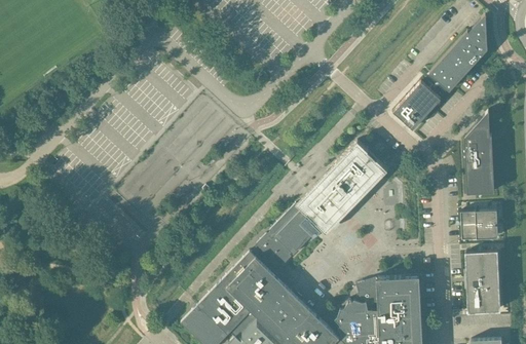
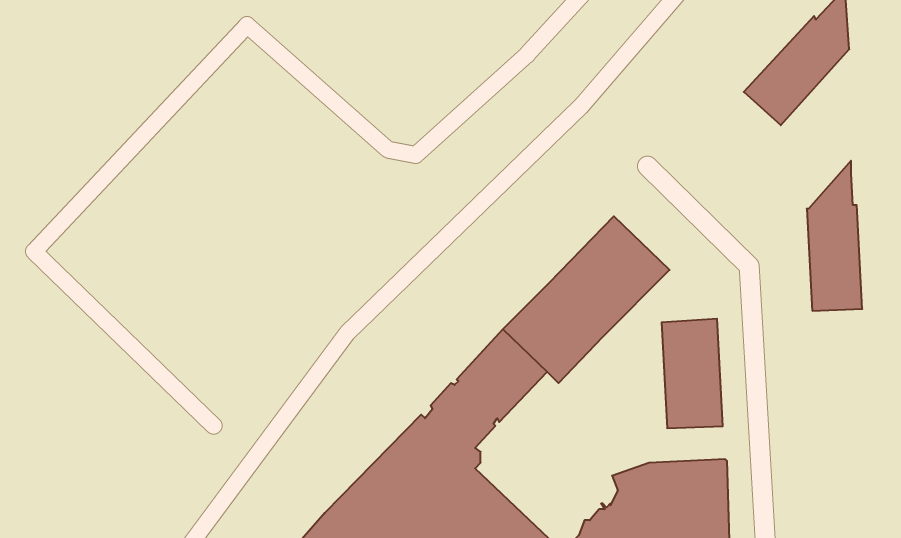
building: [394,81,441,129] -> none
building: [461,209,496,238] -> none
building: [466,251,500,311] -> [662,319,723,428]

